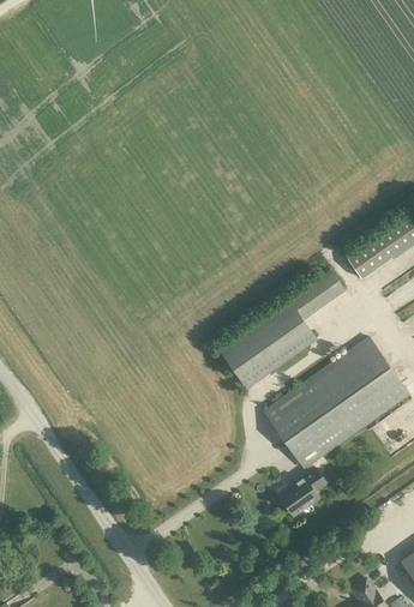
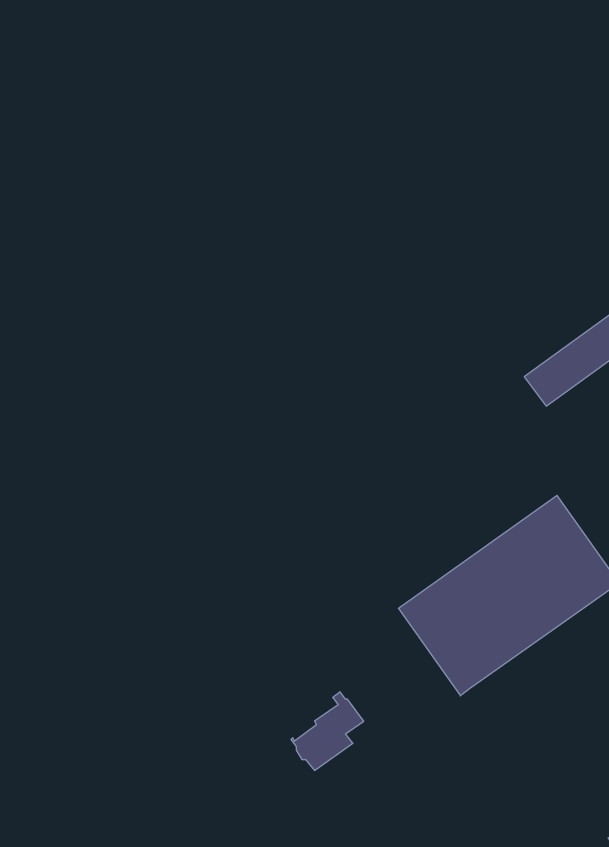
building: [220,272,344,389] -> none
building: [278,465,326,517] -> [291,692,364,770]

